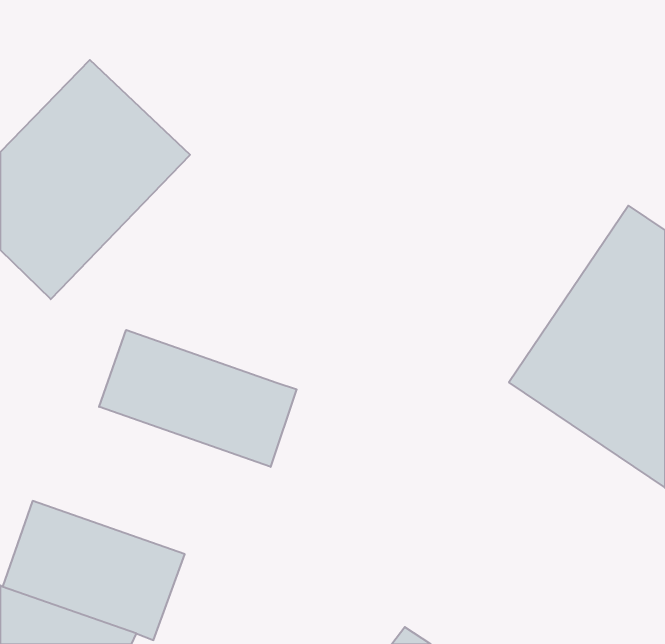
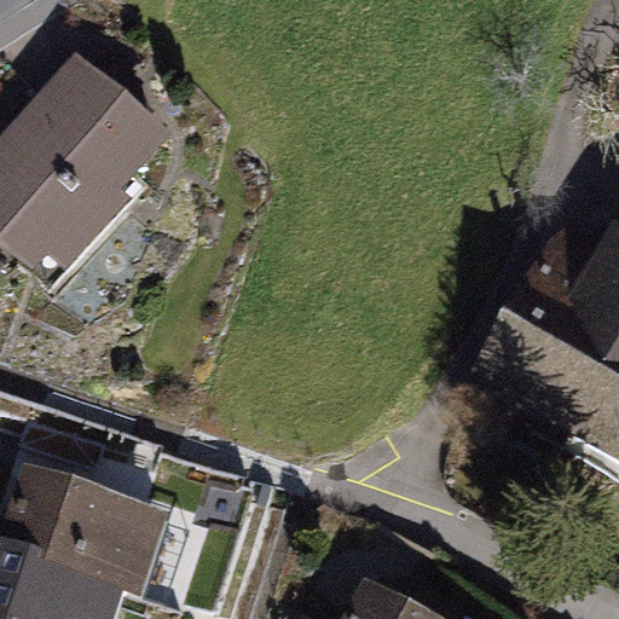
building: [99,330,297,467] -> none

